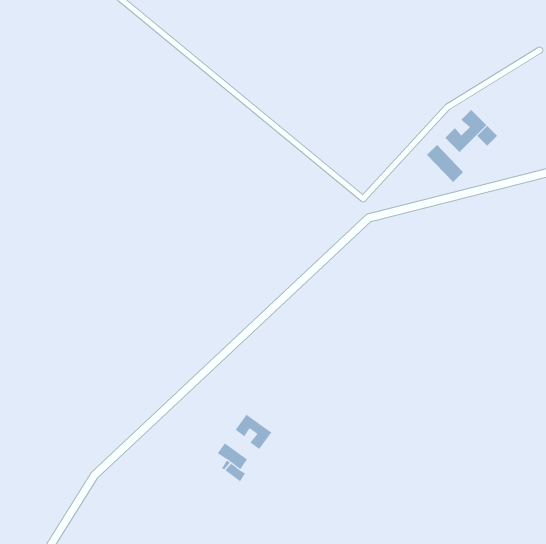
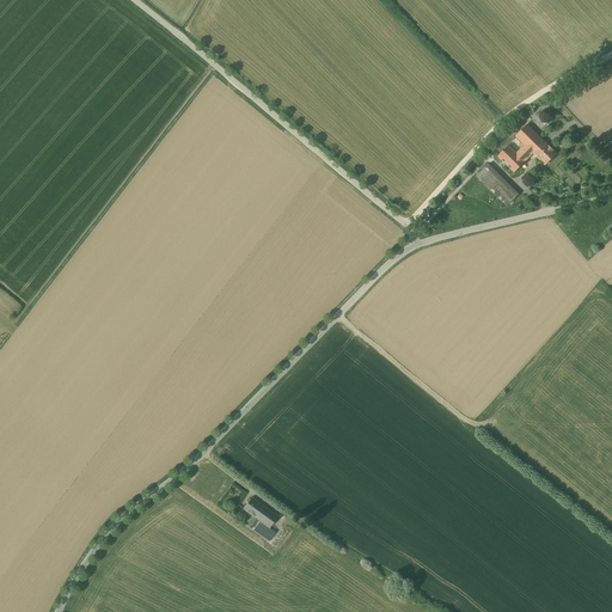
building: [235,414,272,450] -> none

